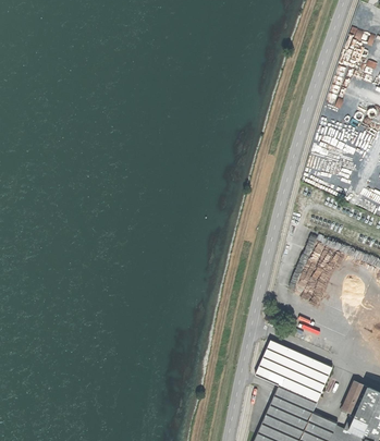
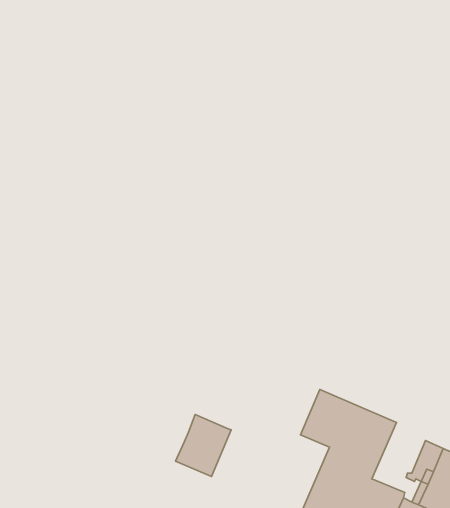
building: none -> [175,415,231,476]

